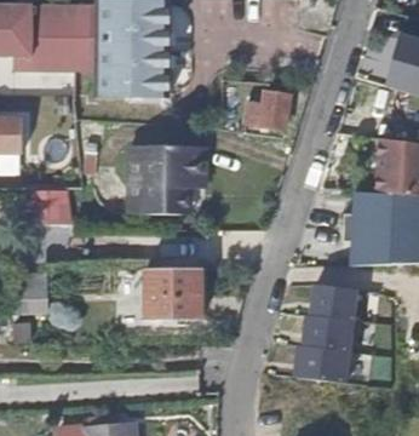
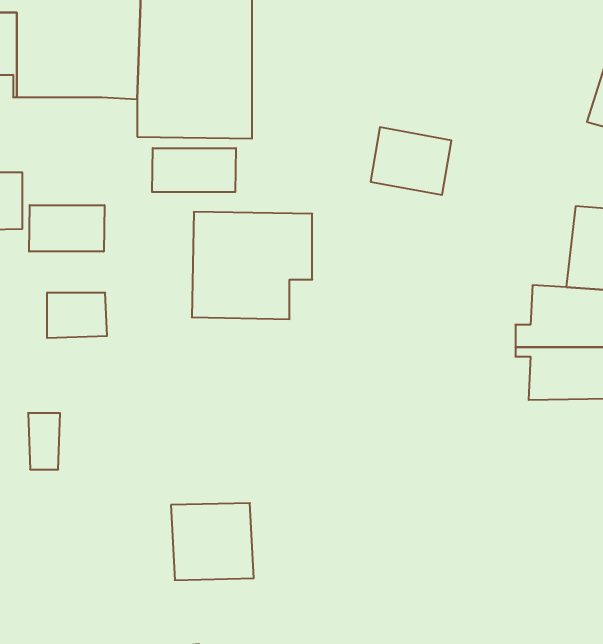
building: none -> [152,148,236,192]
building: none -> [29,205,104,252]
building: [147,269,200,319] -> [171,503,254,580]
building: [292,287,354,385] -> none

